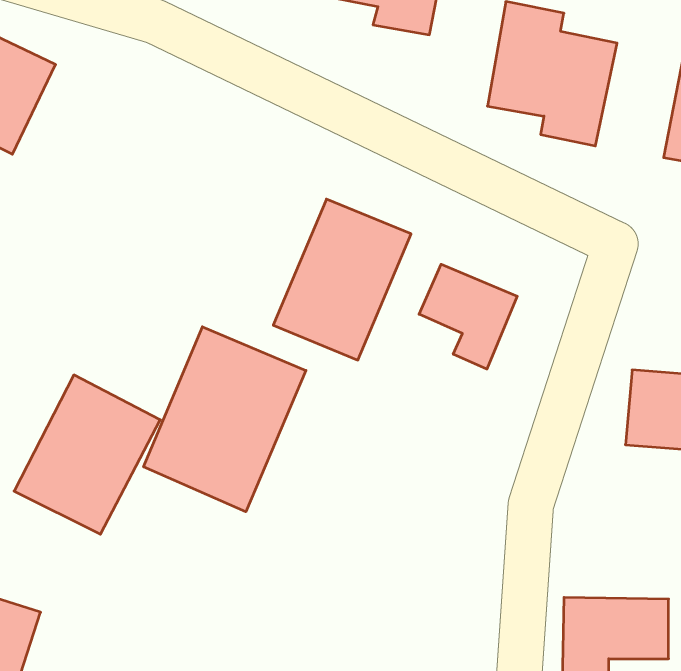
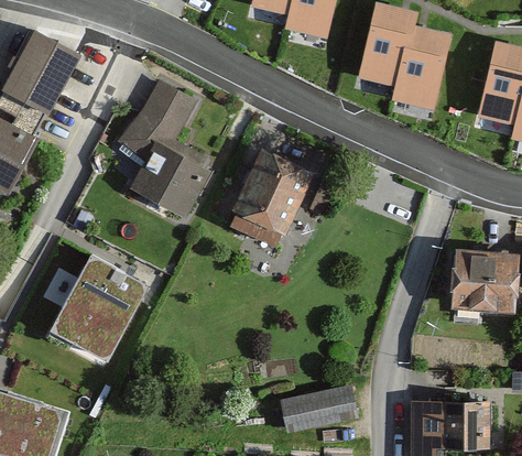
building: none -> [121,80,215,218]
building: [419,264,517,369] -> none
building: [144,327,306,512] -> none
building: none -> [281,383,357,434]

